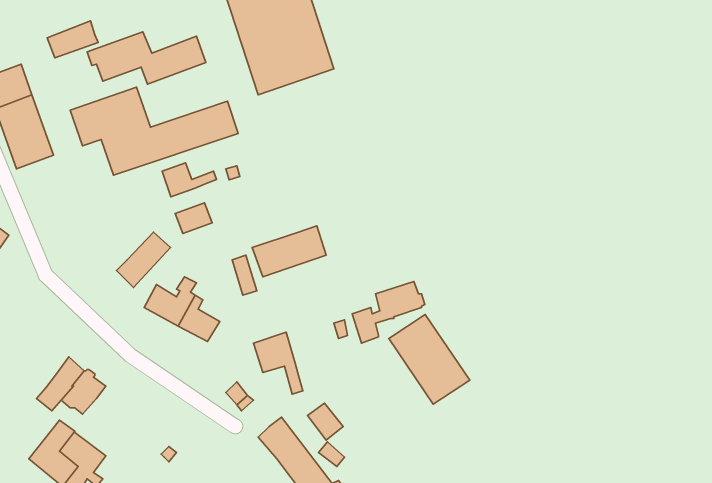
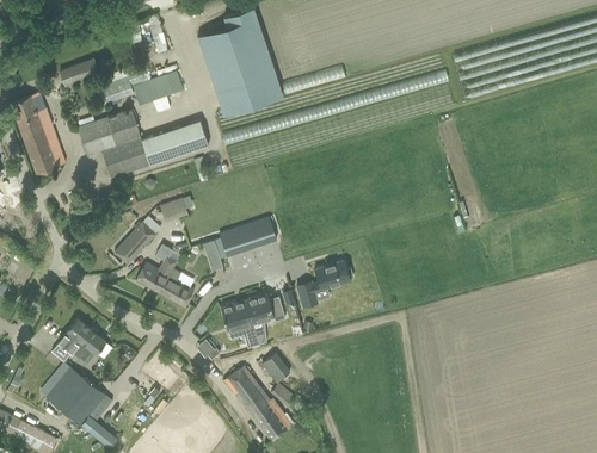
building: [162,163,217,197] -> none
building: [389,315,470,404] -> none
building: none -> [245,293,284,323]

